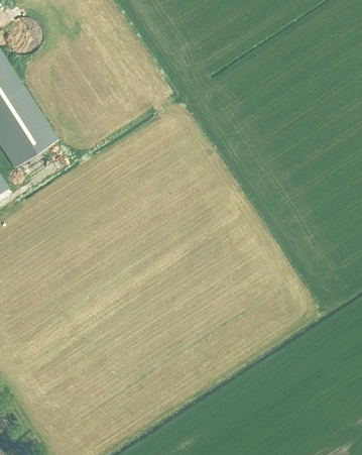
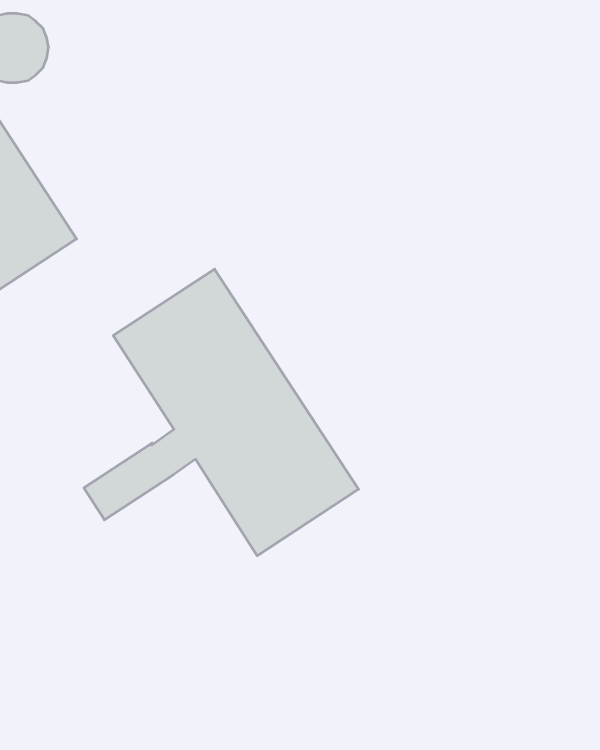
building: none -> [84,269,359,556]

